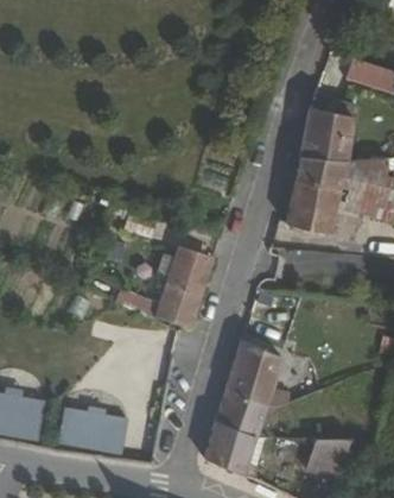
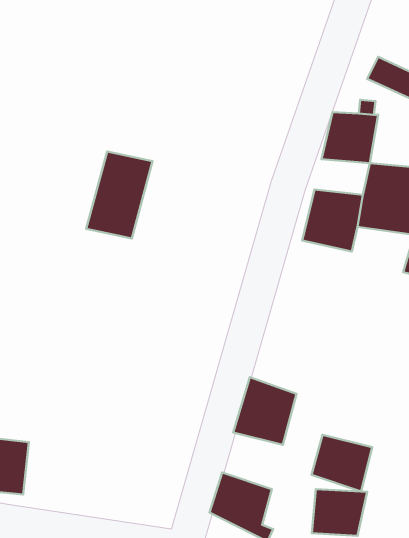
building: [298,152,345,183] -> none
building: [151,253,208,328] -> [86,152,153,239]
building: [218,387,271,436] -> [311,435,372,491]
building: [62,404,136,459] -> none

